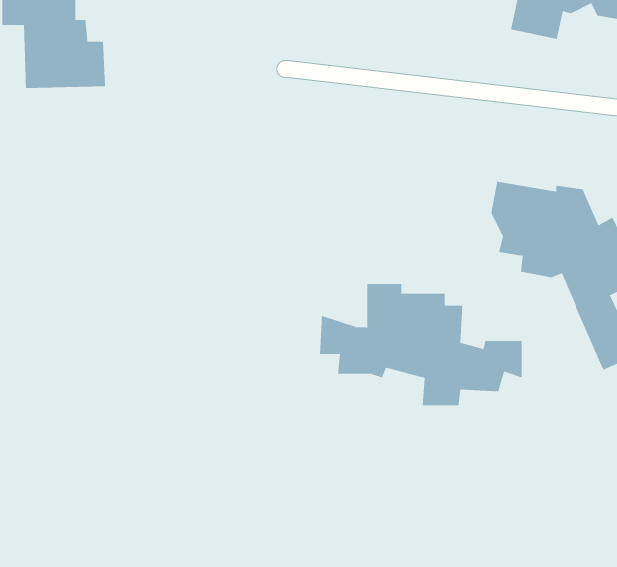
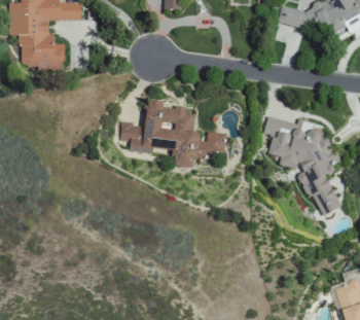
building: [319,283,522,406] -> [120,102,226,166]

